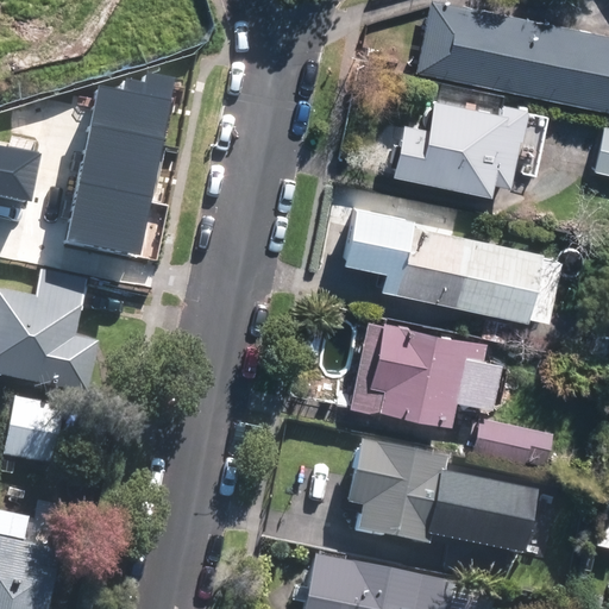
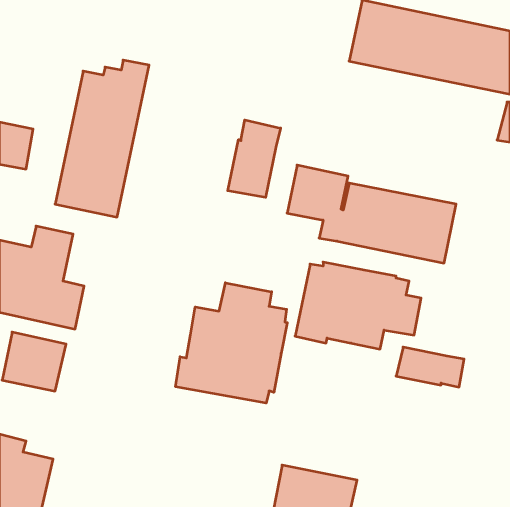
building: [395,96,529,192] -> none
building: none -> [228,120,281,197]
building: none -> [176,283,287,403]
building: [349,439,536,552] -> none

